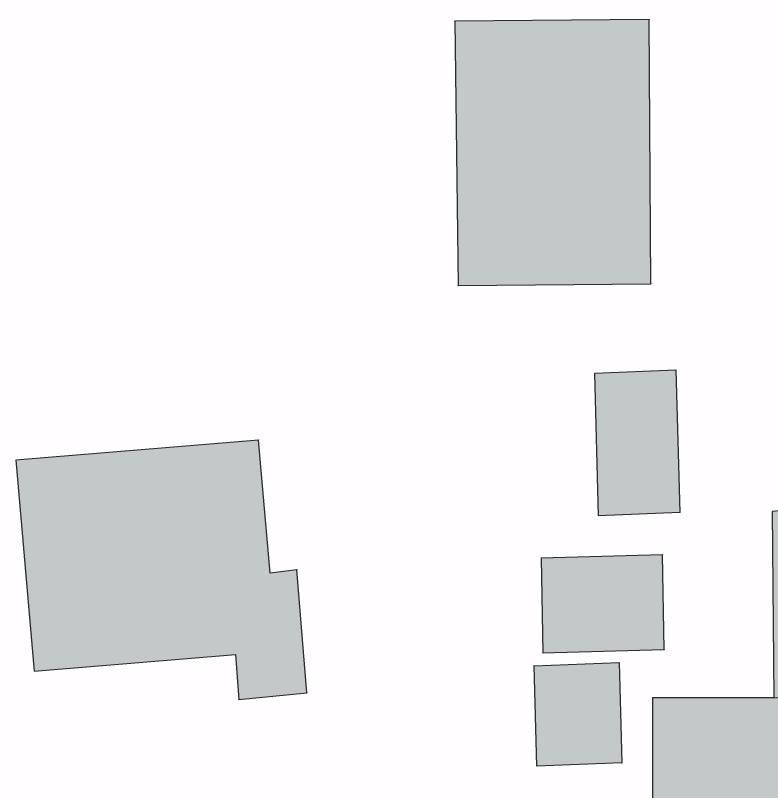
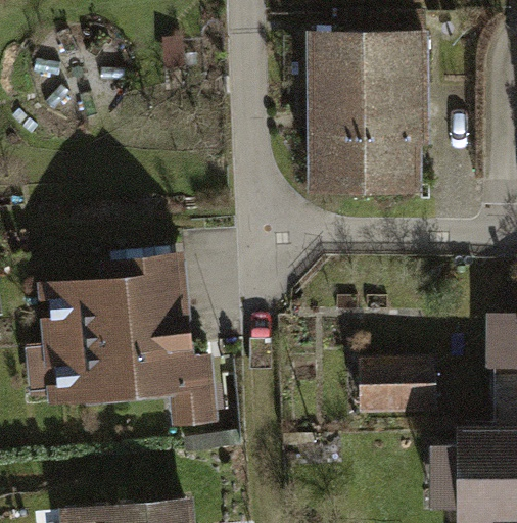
building: [595,370,680,516] -> none
building: [534,663,622,766] -> none

